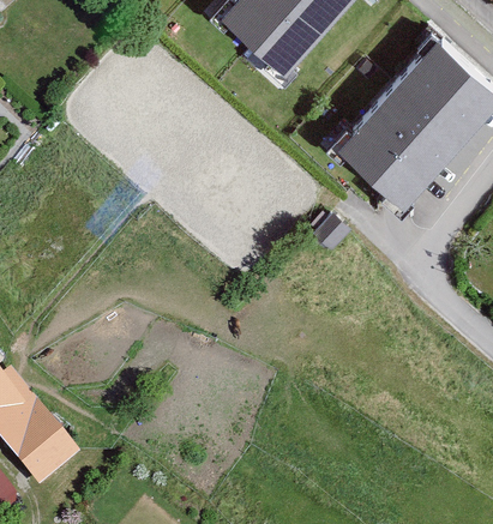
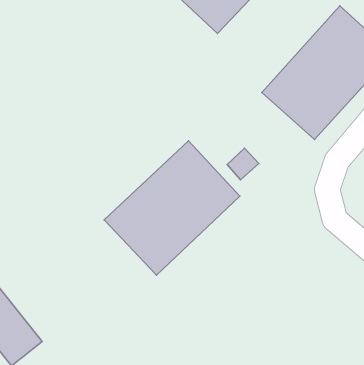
building: none -> [104,141,240,275]

